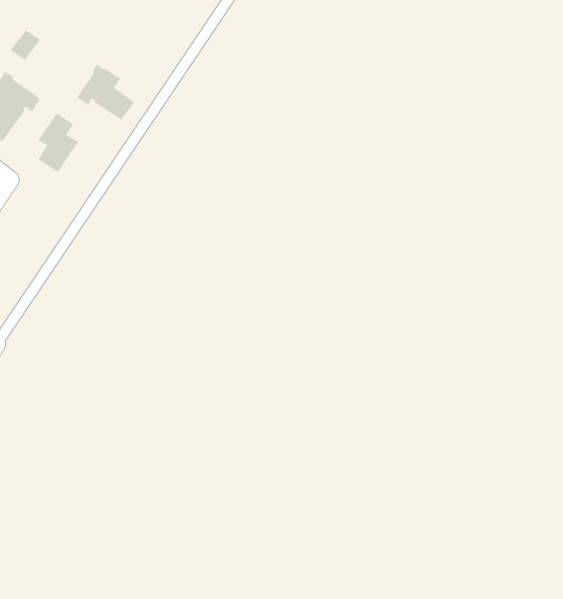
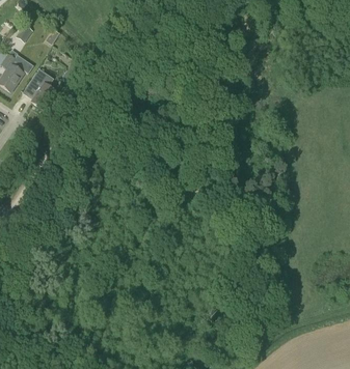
building: [77,63,135,120] -> none

